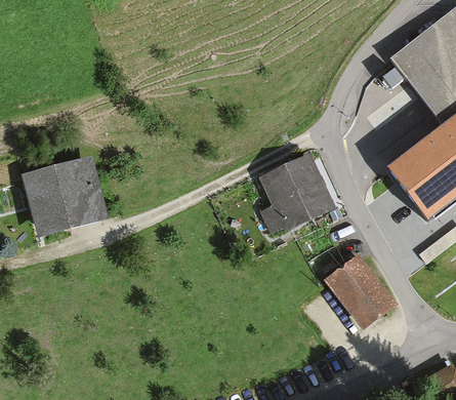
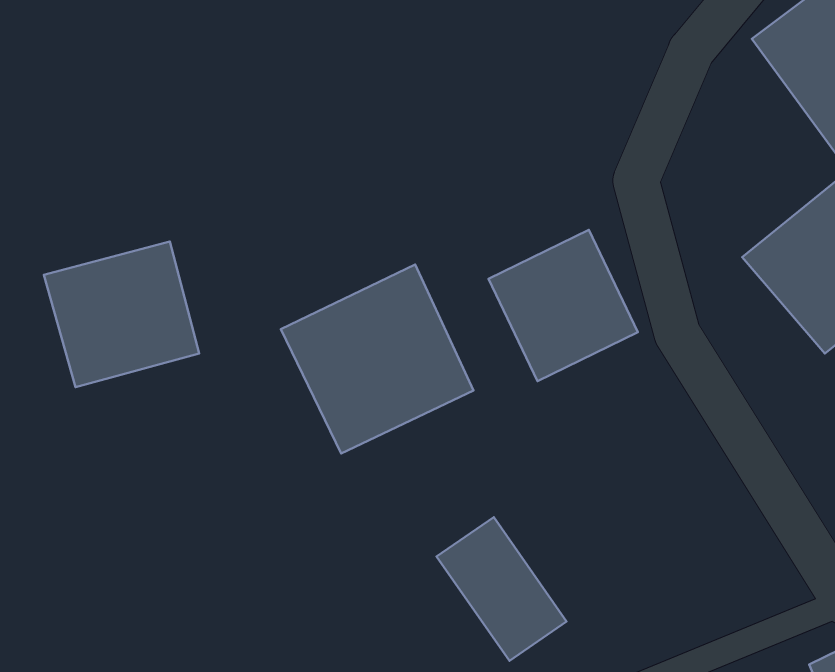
building: none -> [281,265,474,454]
building: [328,253,396,328] -> [437,517,566,661]

